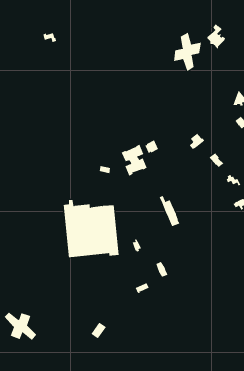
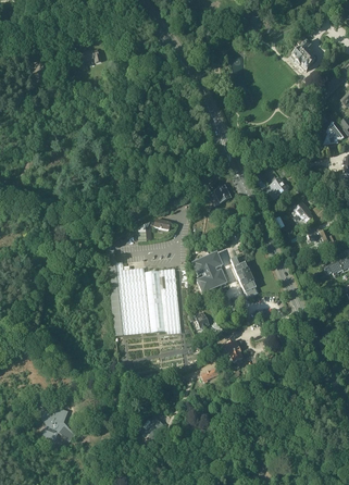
building: [173,32,202,72] -> none
building: [121,144,148,176] -> [191,252,225,294]

